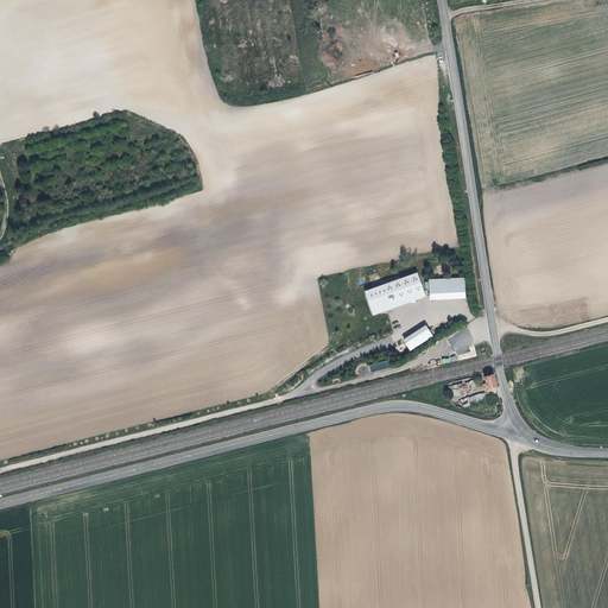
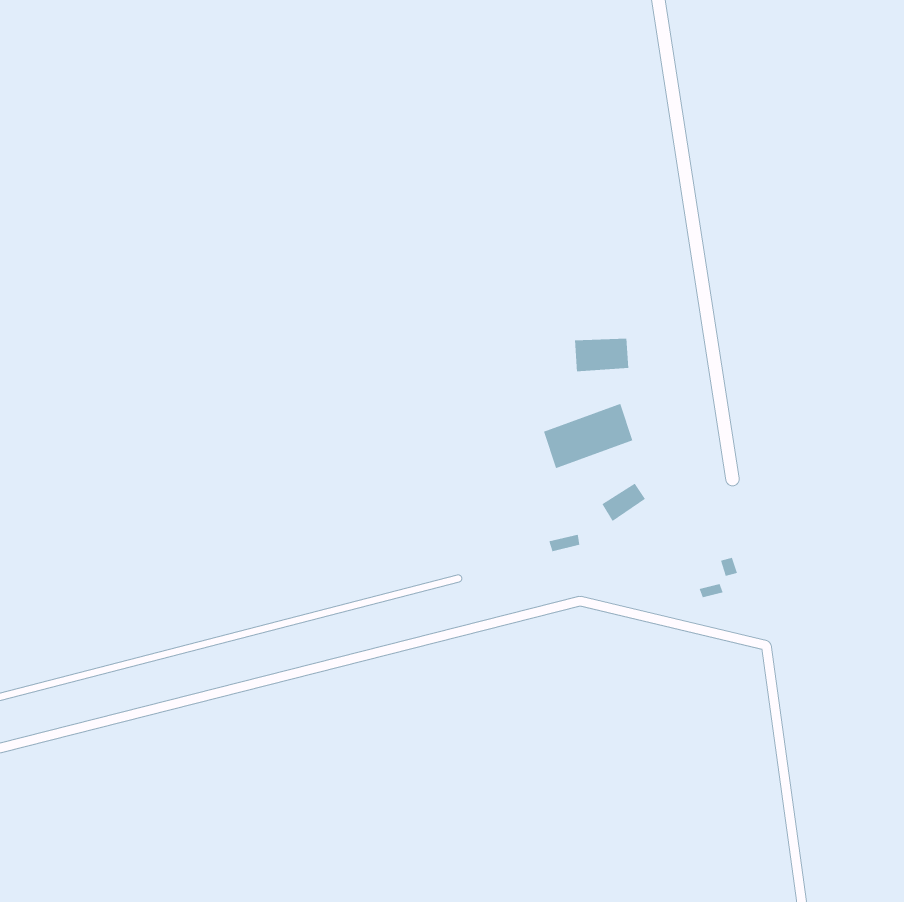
building: [429,277,466,299] -> [574,338,629,372]

